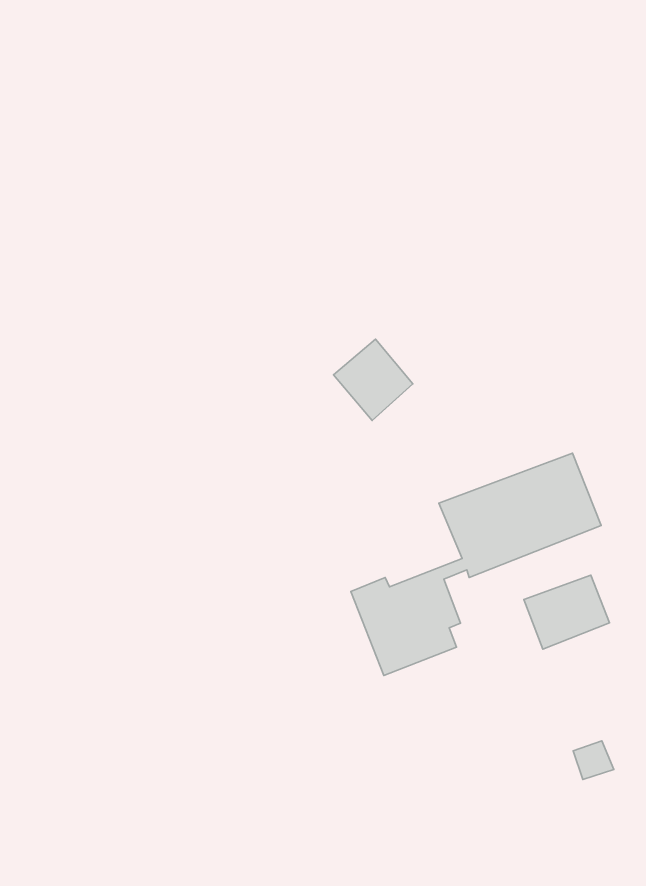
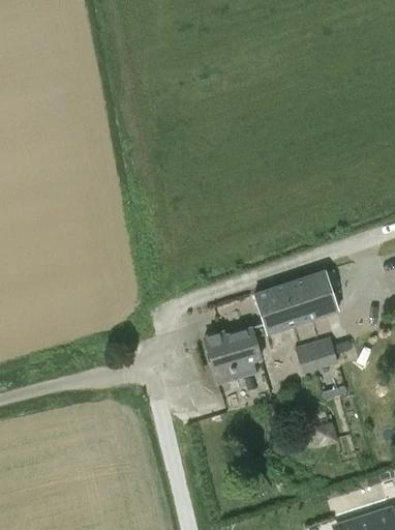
building: [333,339,413,421] -> none

